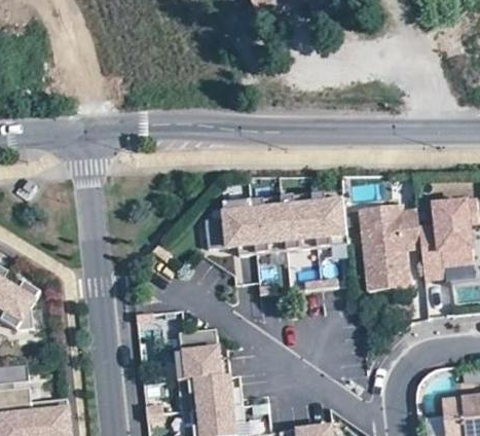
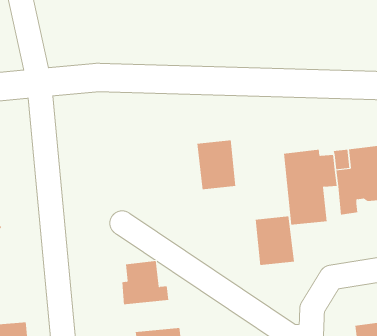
building: [300,189,345,246] -> [255,216,295,266]
building: [202,197,266,253] -> none
building: [177,375,242,411] -> none

